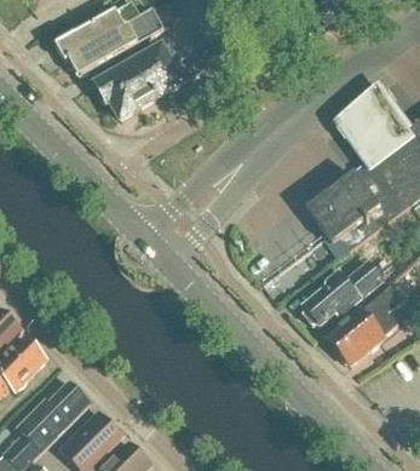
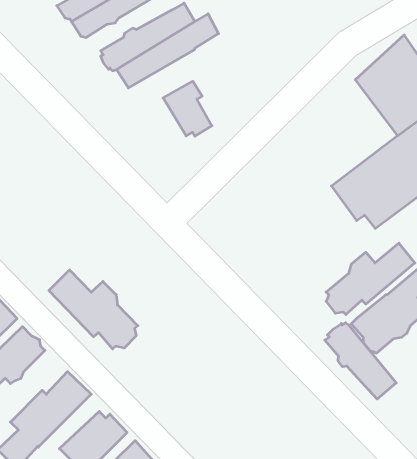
building: none -> [163,81,212,136]
building: none -> [49,270,138,349]
building: none -> [325,323,396,399]

